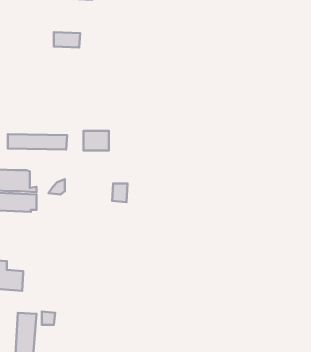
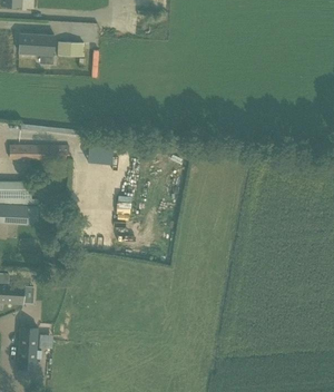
building: none -> [18,33,55,63]

